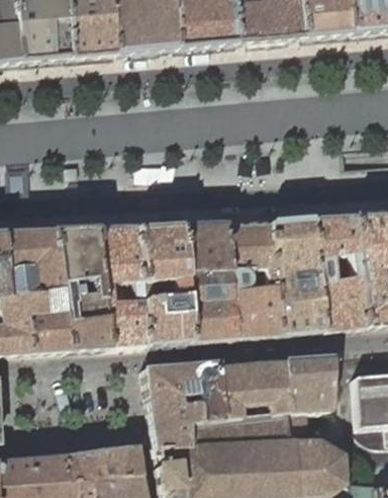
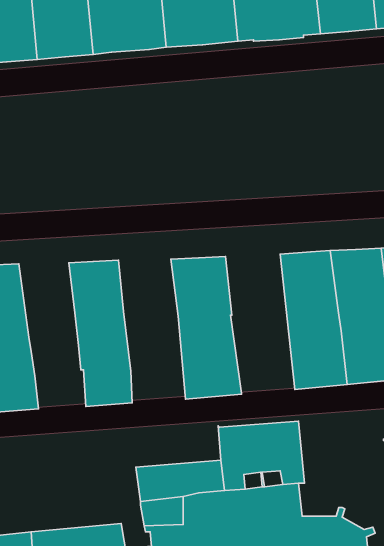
building: [222,221,280,336] -> none
building: [133,225,189,344] -> none
building: [51,228,106,349] -> none
building: [283,355,331,438] -> none
building: [143,360,218,398] -> none

